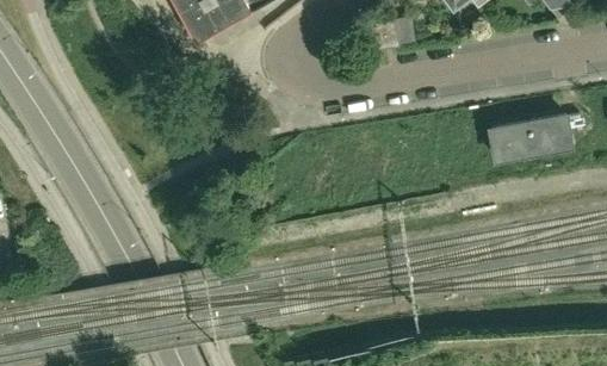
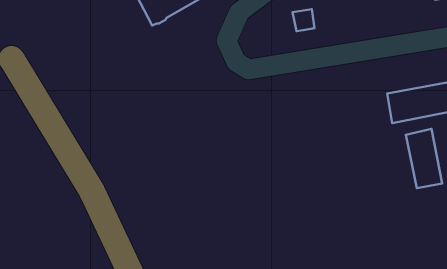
building: none -> [406,129,442,188]

